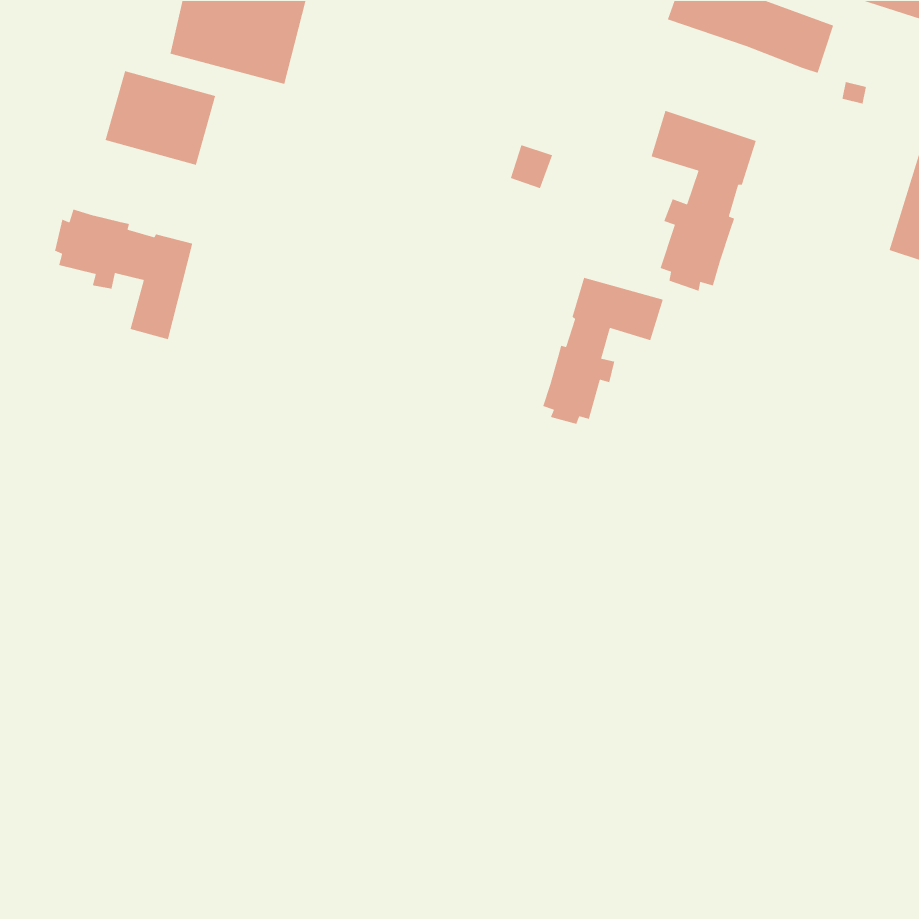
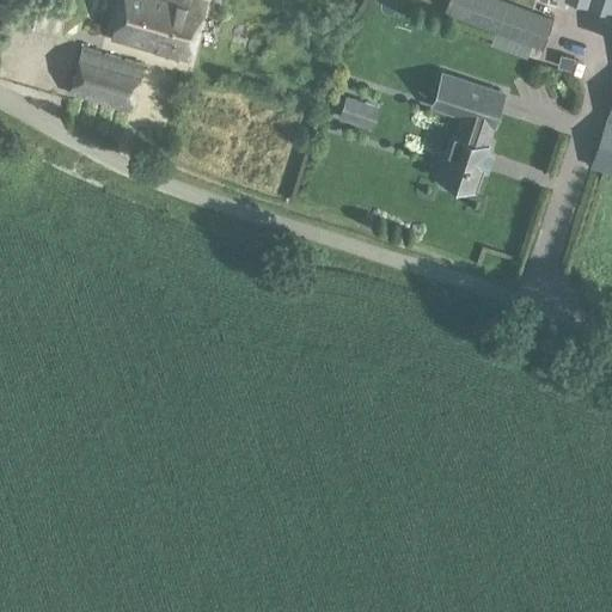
building: [54,208,193,340] -> none
building: [542,277,664,425] -> none

